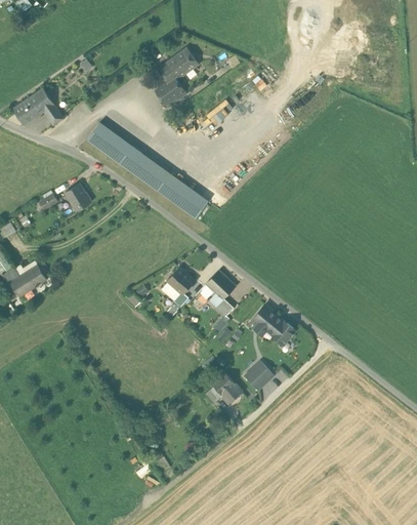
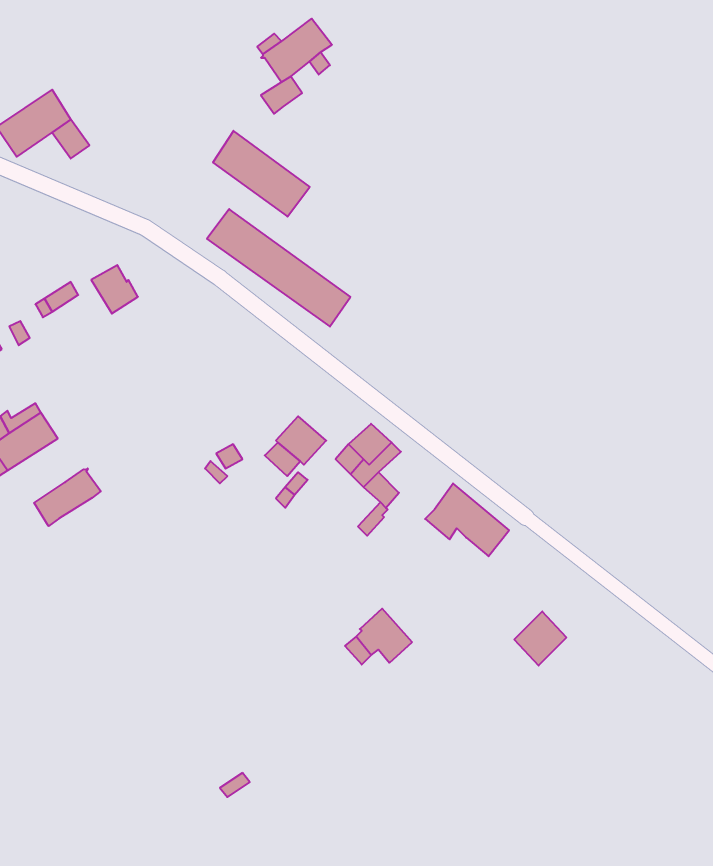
building: [87,122,140,169] -> [213,131,310,217]
building: none -> [34,468,101,526]
building: [244,360,273,390] -> [514,611,566,666]

